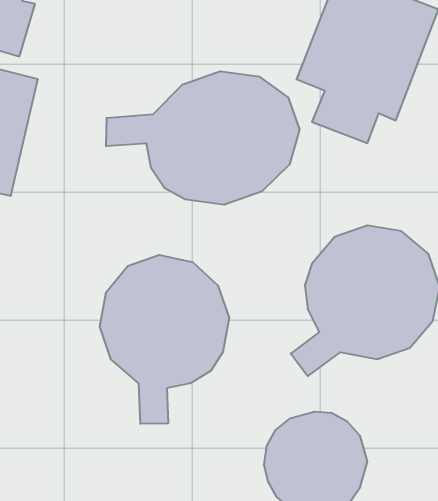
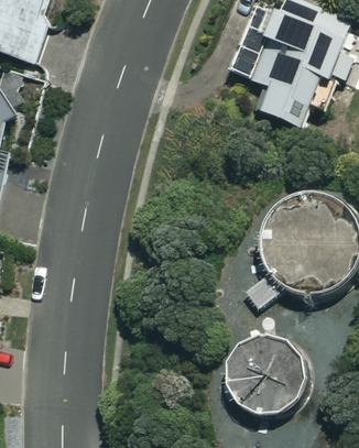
building: [106,71,299,205] -> none
building: [100,255,229,424] -> none

